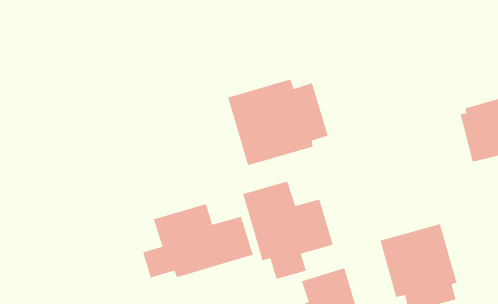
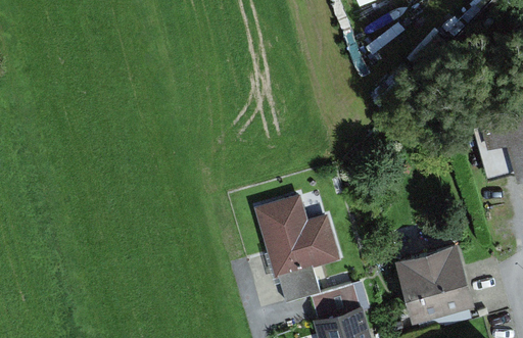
building: [227,78,329,166] -> none
building: [142,203,254,278] -> none

